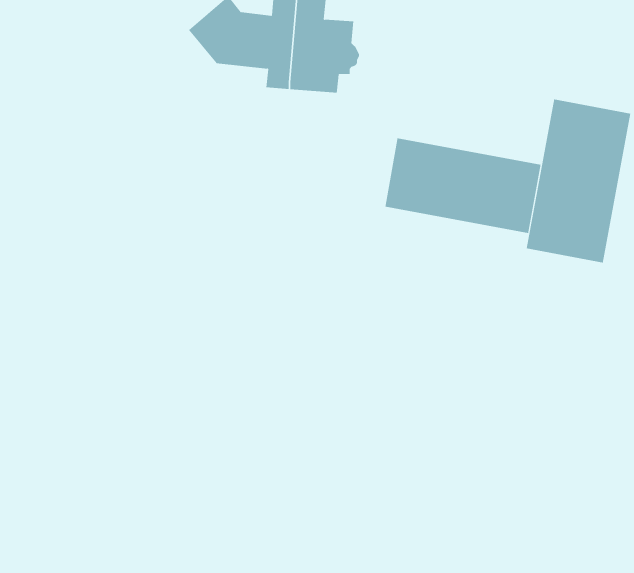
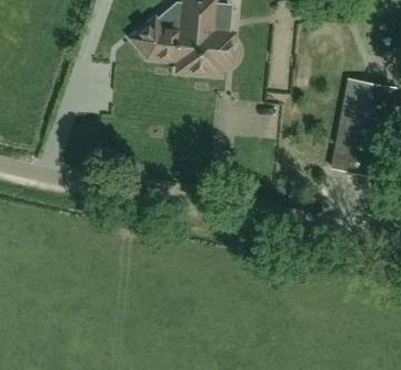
building: [385,137,541,234] -> none

